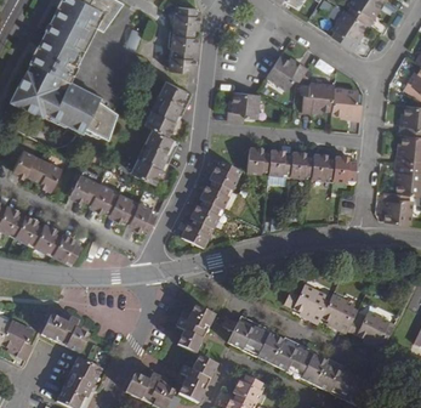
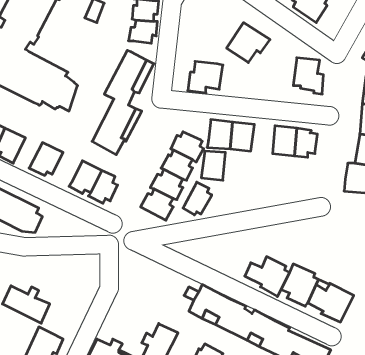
building: [301,80,335,114] -> none
building: [289,153,313,182] -> [201,151,225,180]
building: [89,181,120,212] -> none
building: none -> [183,182,212,215]
building: [176,304,214,352] -> none

